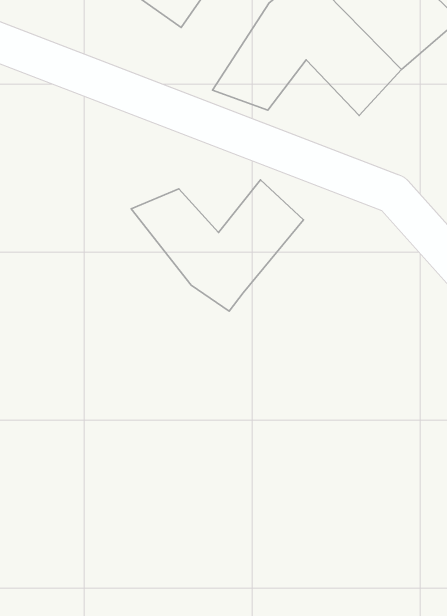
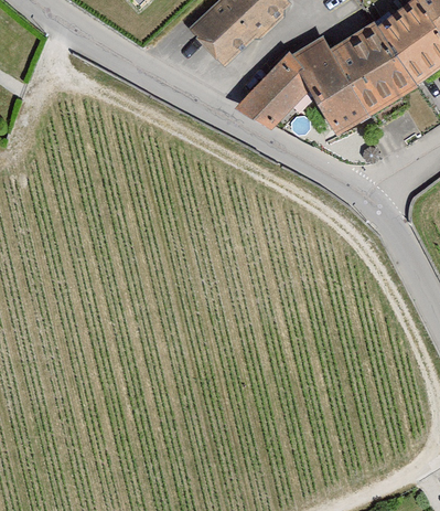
building: [131,180,304,311] -> none

